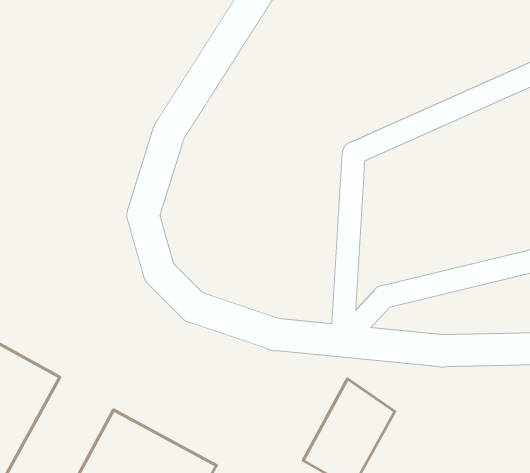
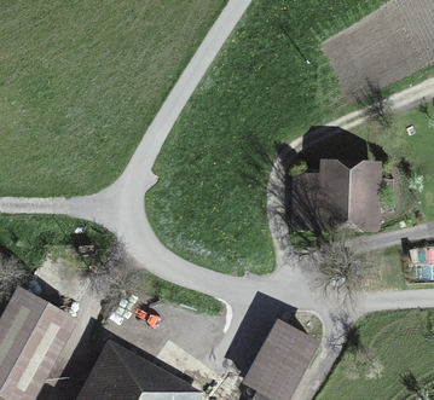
building: none -> [287,173,364,222]

